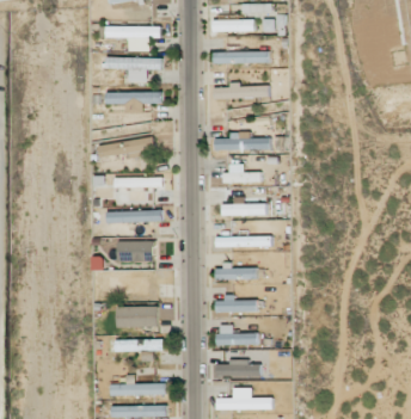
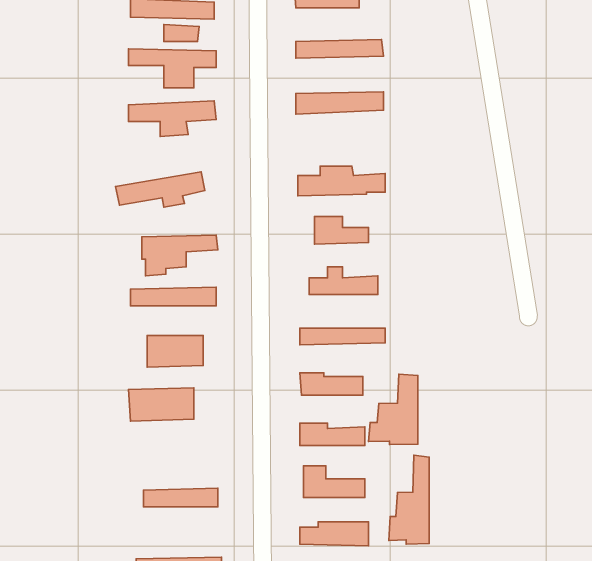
building: none -> [368,374,418,445]
building: [121,306,162,327] -> none
building: none -> [389,455,429,544]

